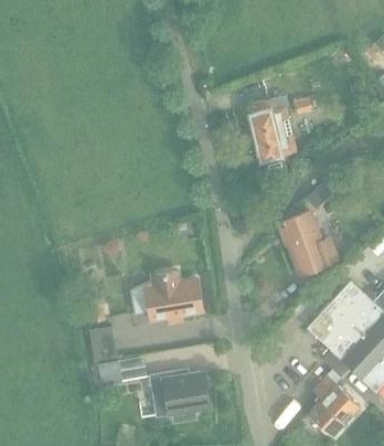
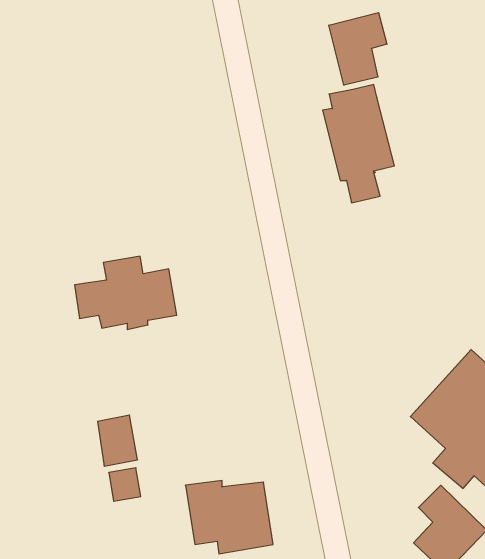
building: none -> [329,13,387,85]
building: [281,211,339,276] -> none
building: [134,270,204,321] -> [75,256,177,330]

